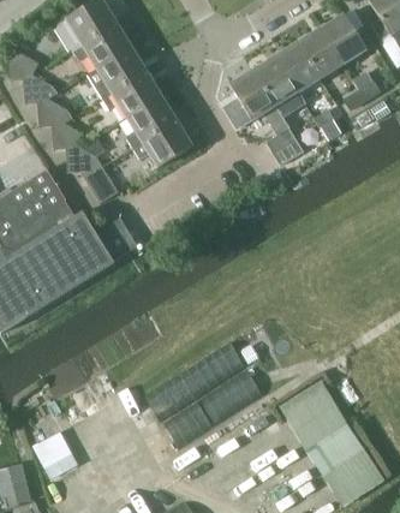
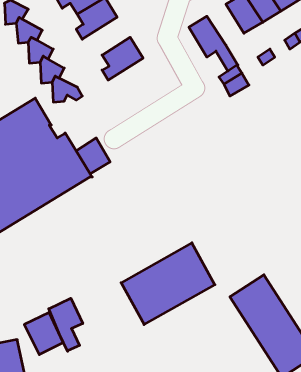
building: [252,56,297,106] -> none
building: [102,72,160,118] -> none
building: [133,121,190,167] -> none
building: [80,166,118,204] -> none
building: none -> [49,298,83,351]

